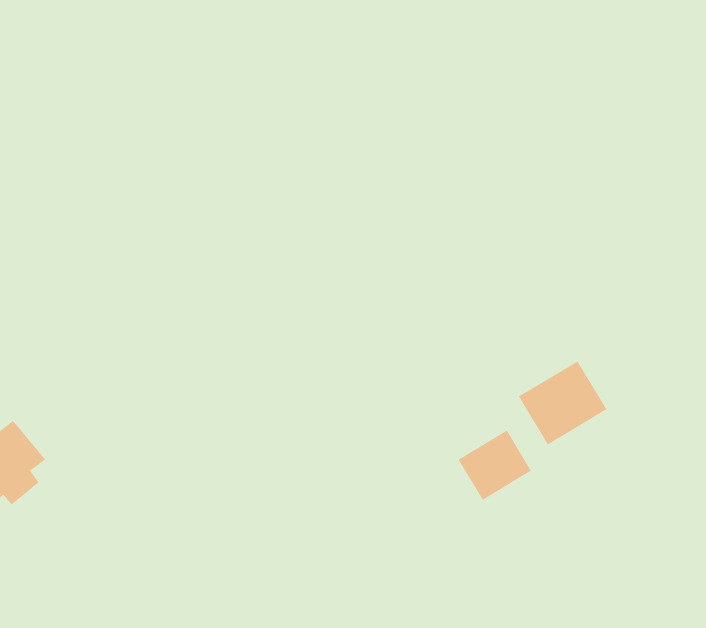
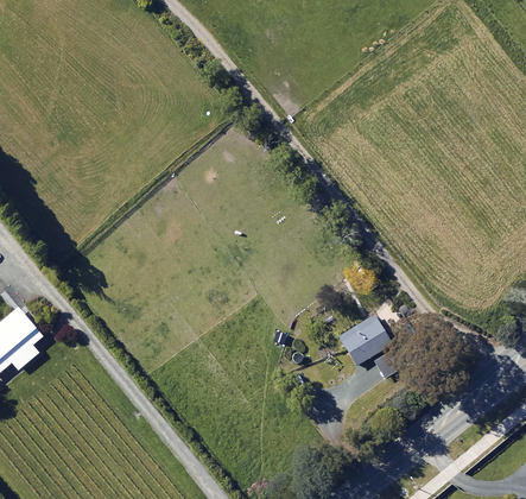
building: [518,360,607,445] -> none

